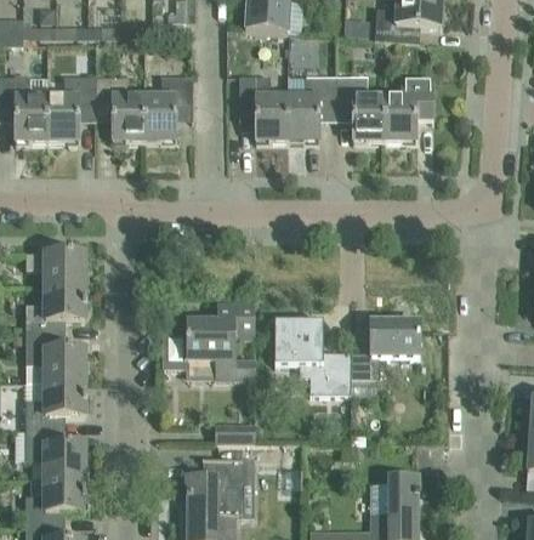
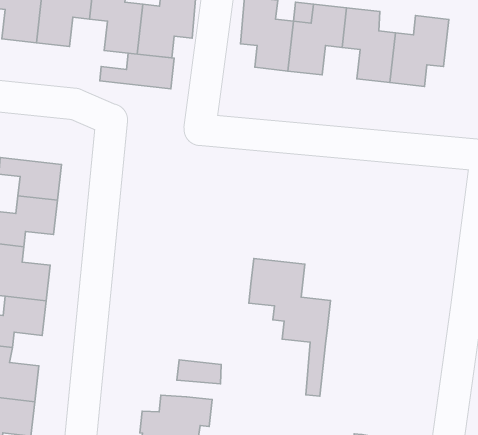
building: none -> [100,53,174,89]
building: [164,303,256,380] -> none
building: [352,320,420,377] -> none

